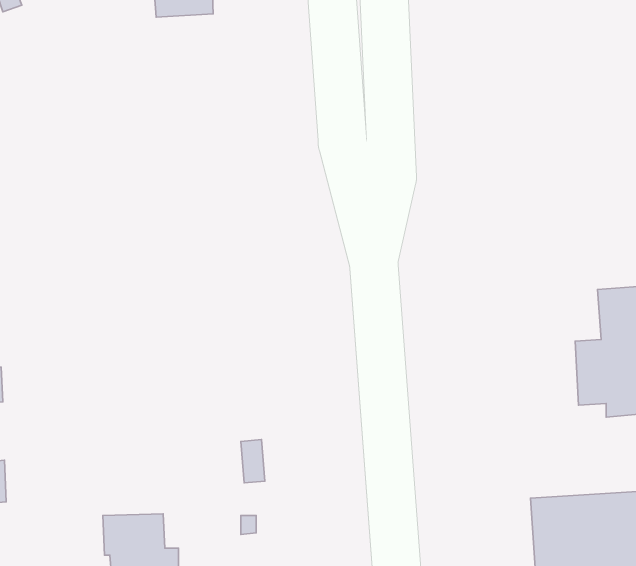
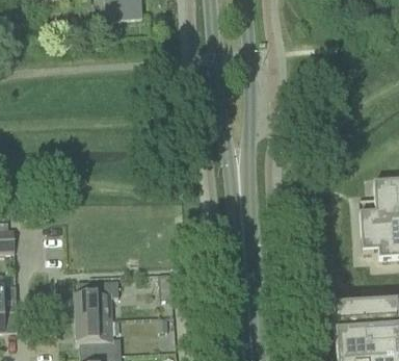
building: none -> [74,283,118,321]

